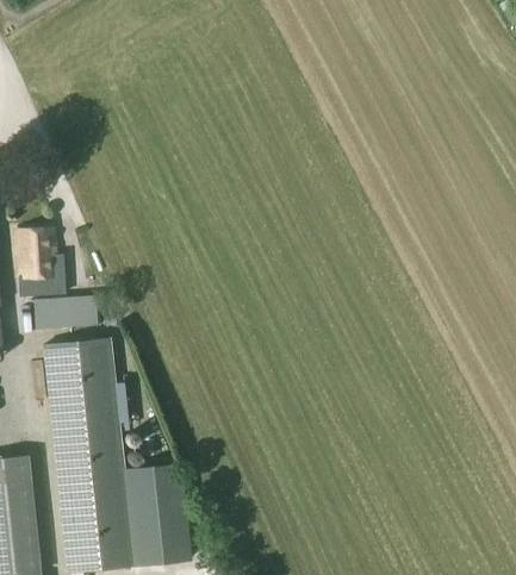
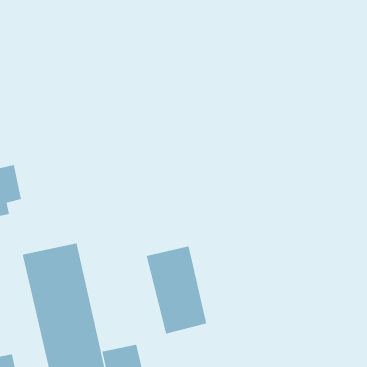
building: [31,299,99,332] -> none
building: none -> [146,246,207,334]

